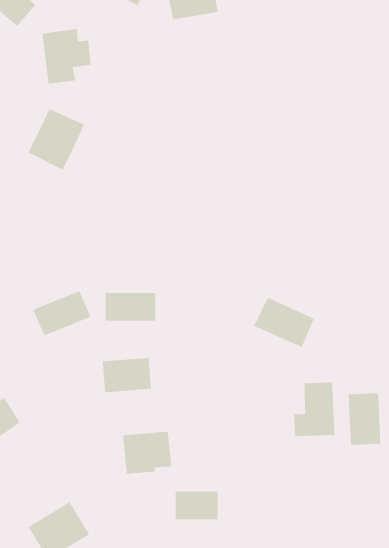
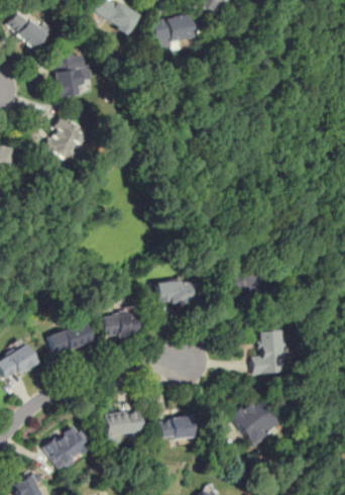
building: [32,290,91,337] -> [46,319,93,356]
building: [105,292,156,322] -> [156,281,197,304]
building: [348,392,381,446] -> none
building: [122,431,172,475] -> [105,409,144,443]
building: none -> [230,401,281,447]

